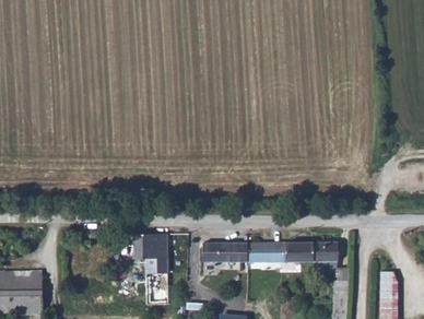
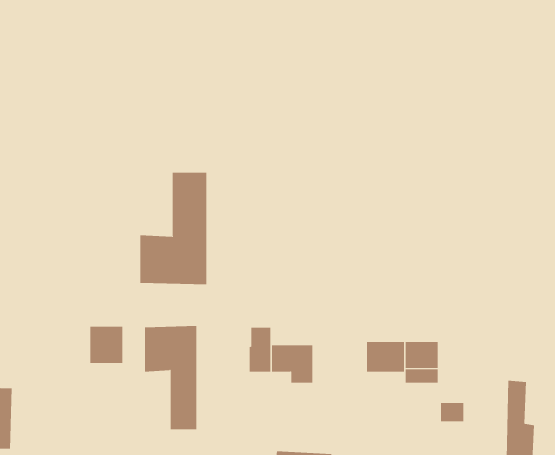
building: none -> [140,172,207,285]
building: none -> [90,326,123,364]
building: [247,241,283,262] -> none

